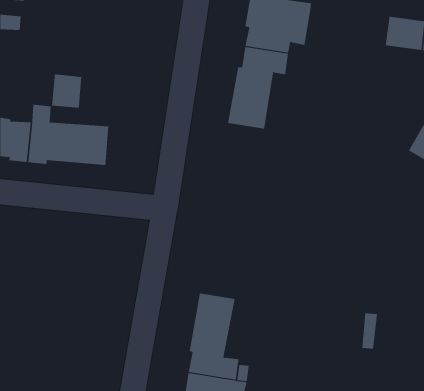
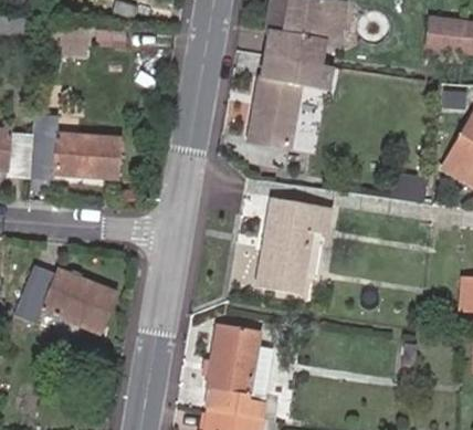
building: [52,74,82,108] -> none
building: none -> [257,199,323,291]
building: none -> [15,259,117,328]

